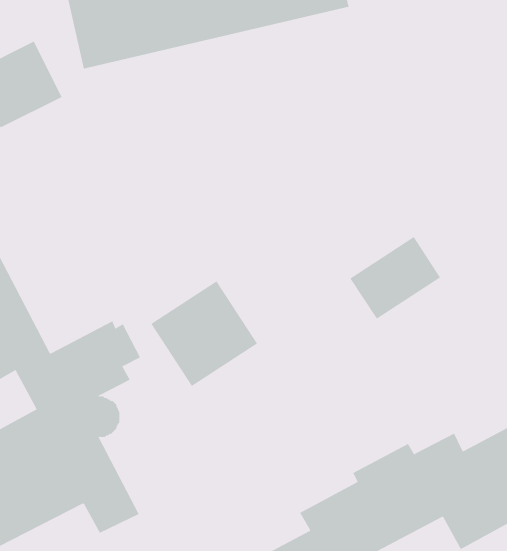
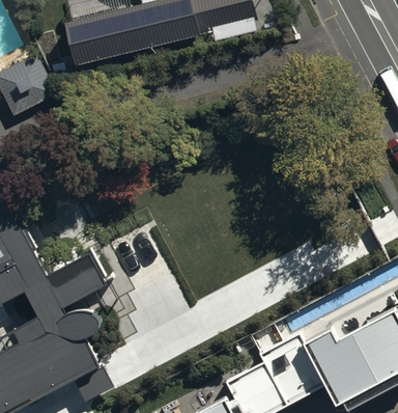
building: [350,236,441,320] -> none
building: [151,280,258,387] -> none

